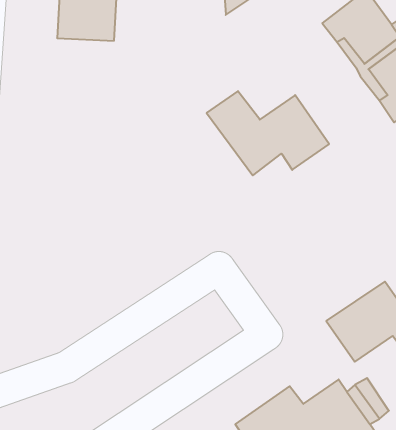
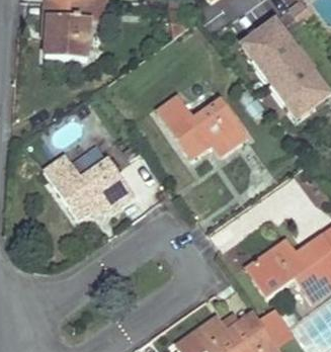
building: none -> [45,146,136,219]

